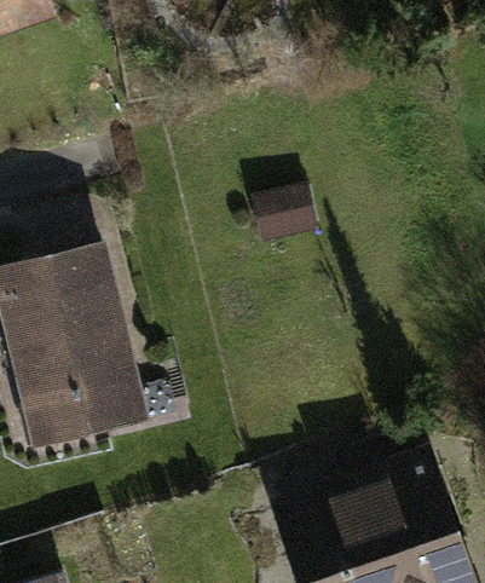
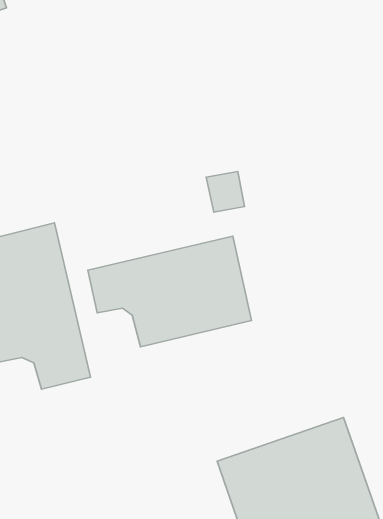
building: none -> [88,236,251,347]

